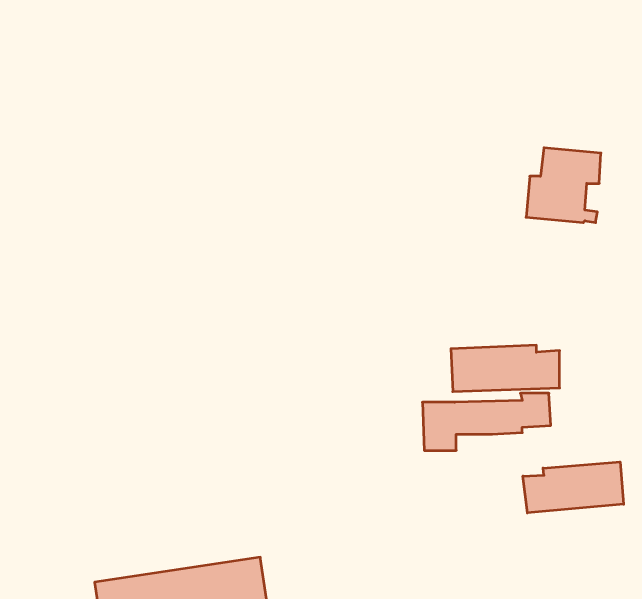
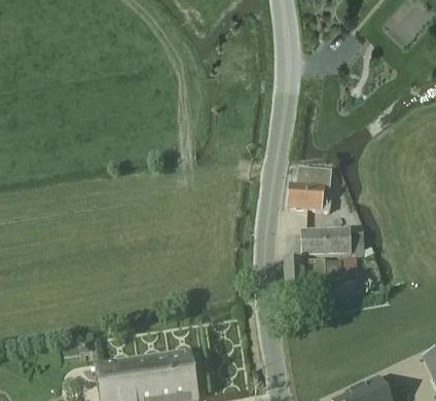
building: [526,148,601,223] -> [289,169,332,212]
building: [523,462,624,513] -> none

